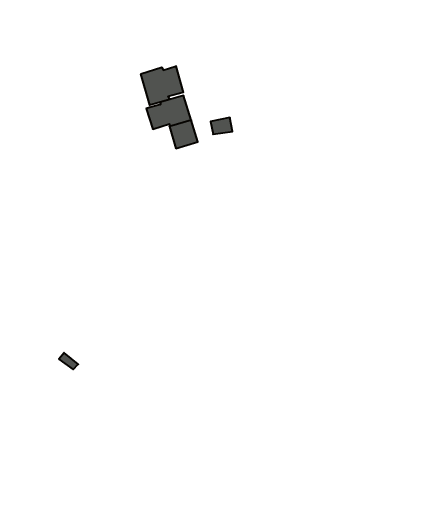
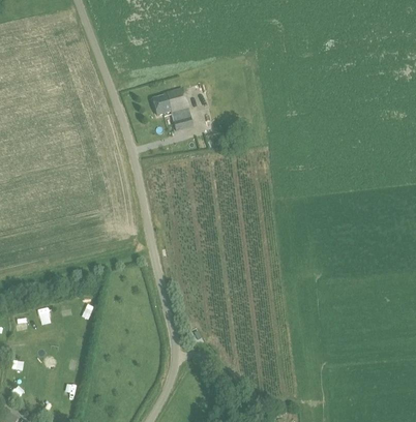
building: [141,66,183,105] -> none

